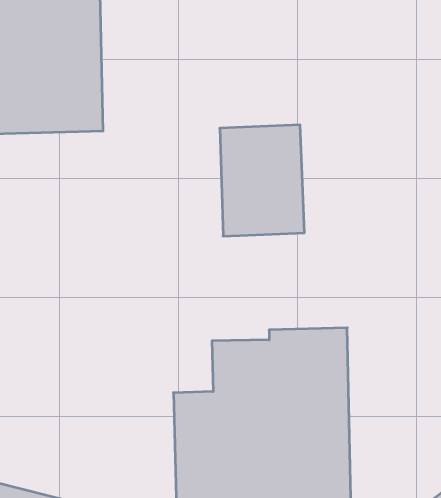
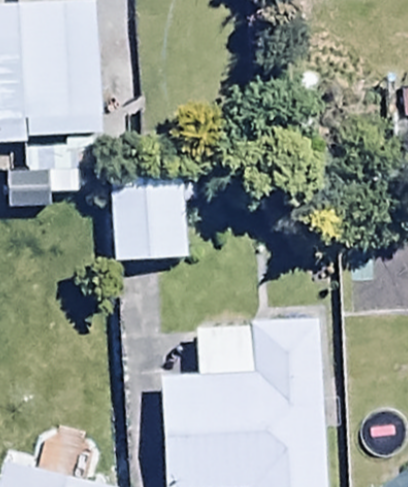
building: [220,125,304,236] -> [112,162,189,263]

